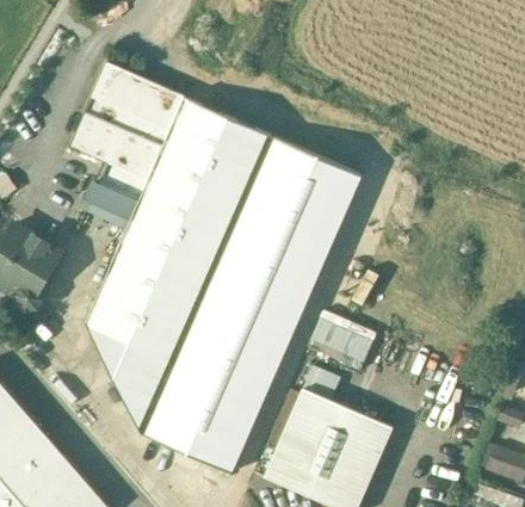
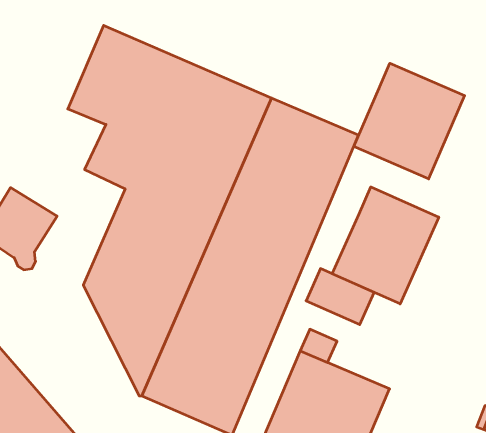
building: none -> [354,63,465,179]
building: none -> [332,187,439,304]

